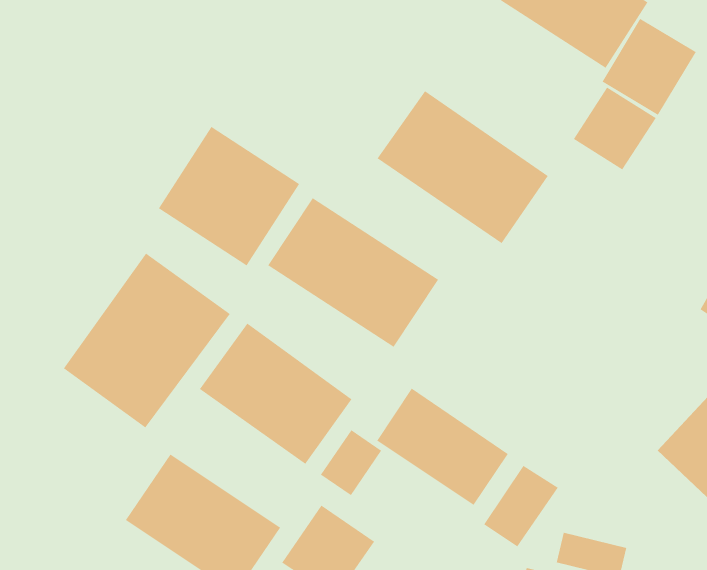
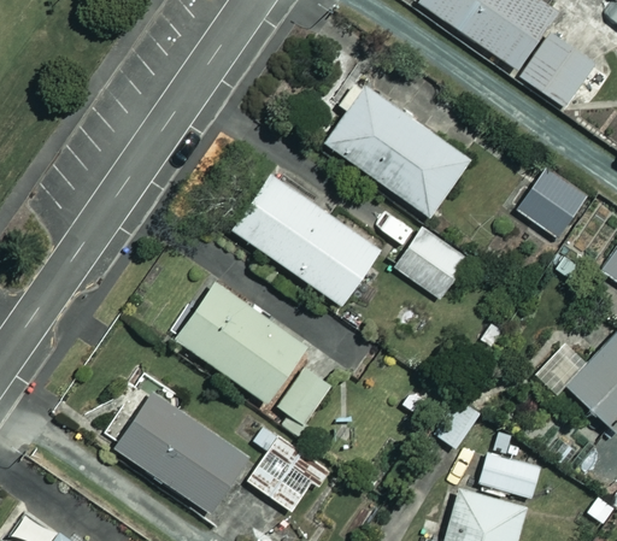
building: [573,87,657,171] -> [512,167,583,239]
building: [158,126,300,267] -> none
building: [63,252,231,429] -> none
building: none -> [393,230,465,301]
building: [376,388,509,506] -> none

